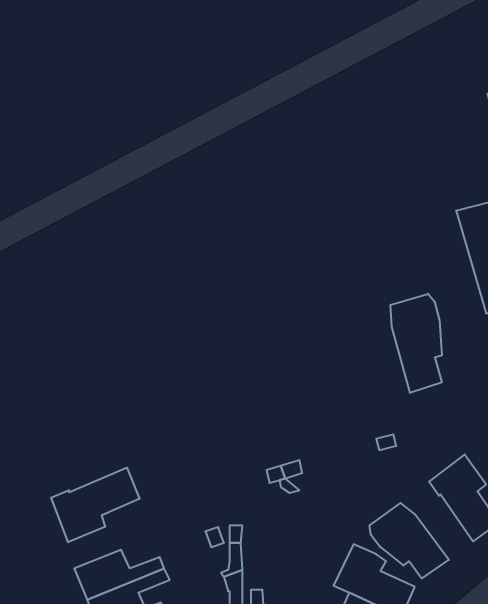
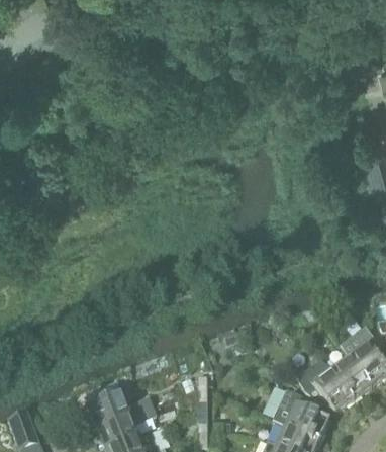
building: [390,294,442,393] -> none
building: [51,468,140,542] -> none
building: none -> [329,354,371,400]

